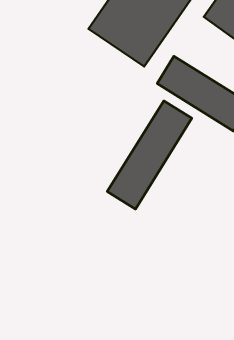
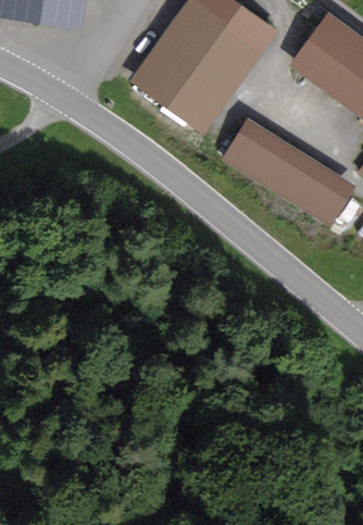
building: [107,101,192,209] -> none

